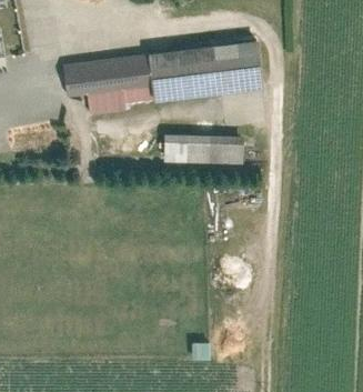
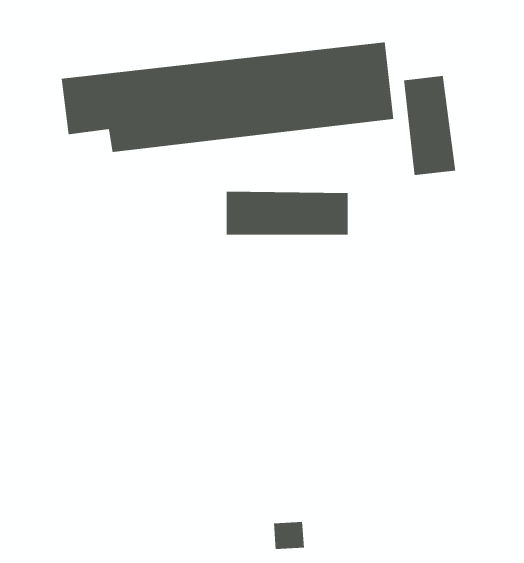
building: none -> [403,75,456,176]

